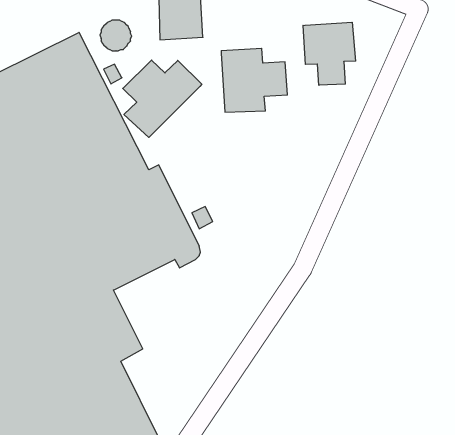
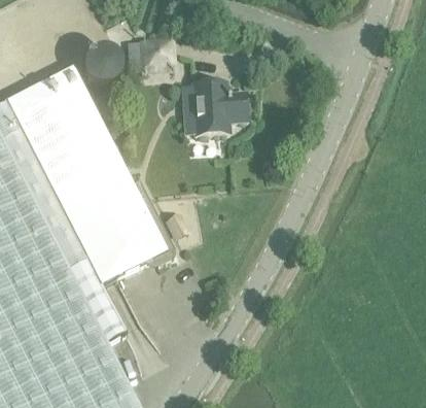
building: [303,22,356,85] -> none
building: [123,60,202,137] -> none

